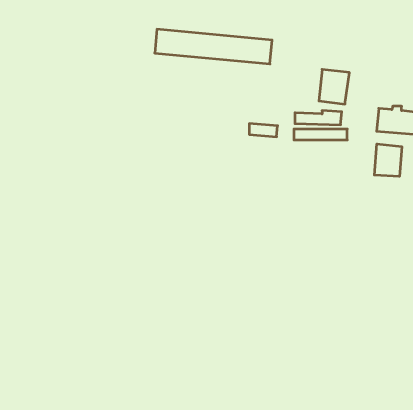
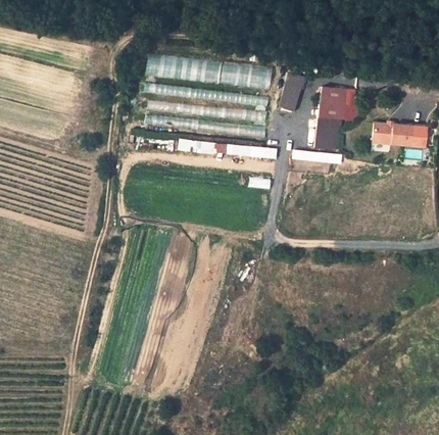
building: none -> [282,66,304,109]
building: [374,144,402,176] -> none

